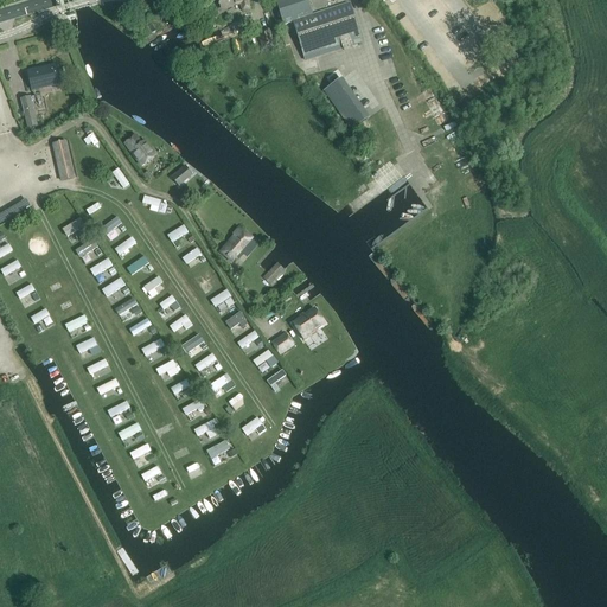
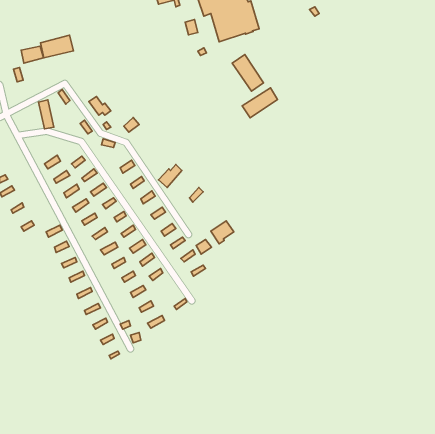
building: none -> [41,35,74,58]
building: none -> [242,88,278,118]

